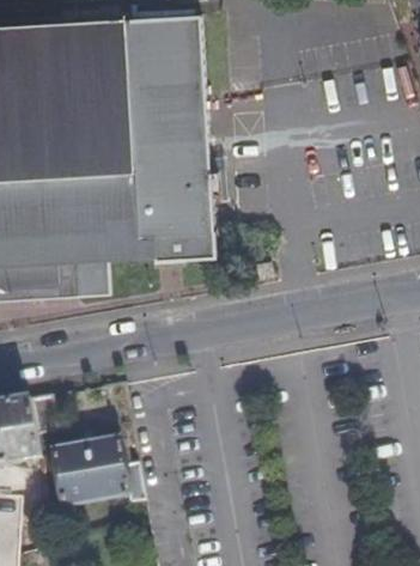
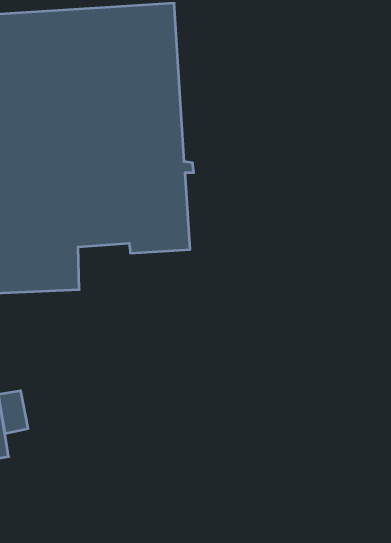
building: [48,439,142,507] -> none

